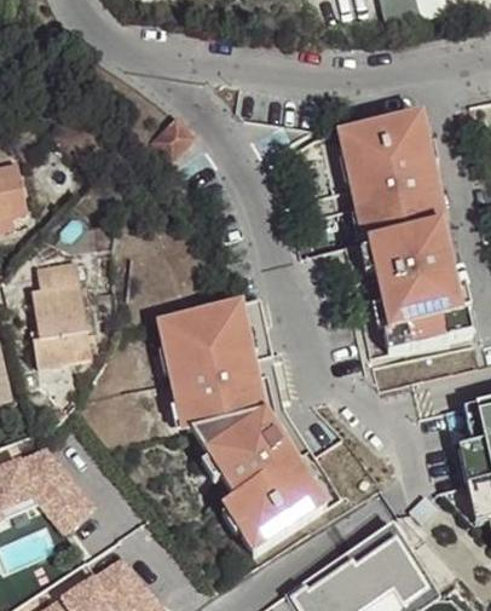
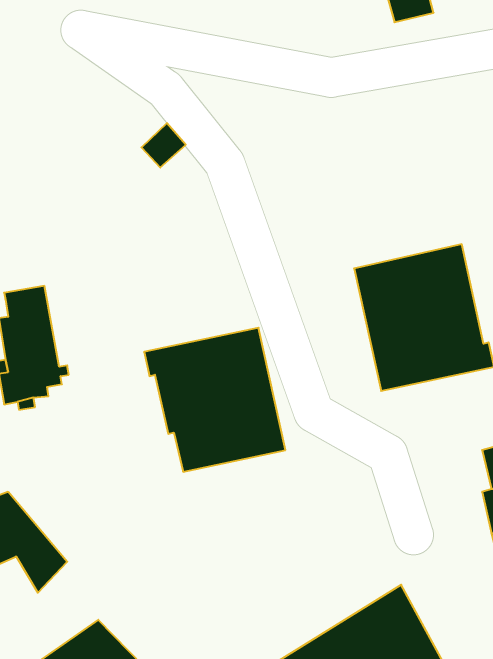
building: [327,114,446,247] -> none
building: [196,410,343,554] -> none

